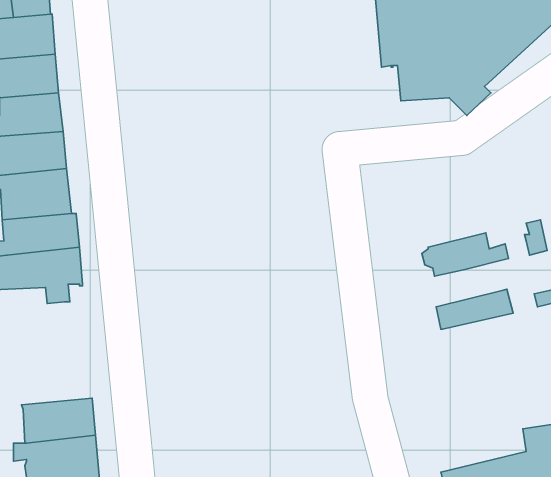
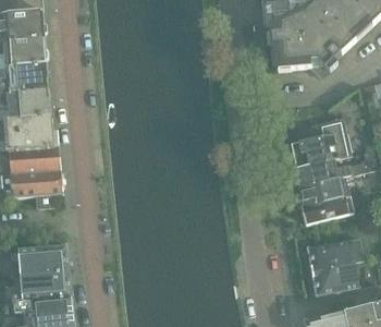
building: none -> [291,118,352,169]
building: none -> [294,175,358,209]
building: none -> [307,239,362,295]
building: none -> [19,244,69,276]

